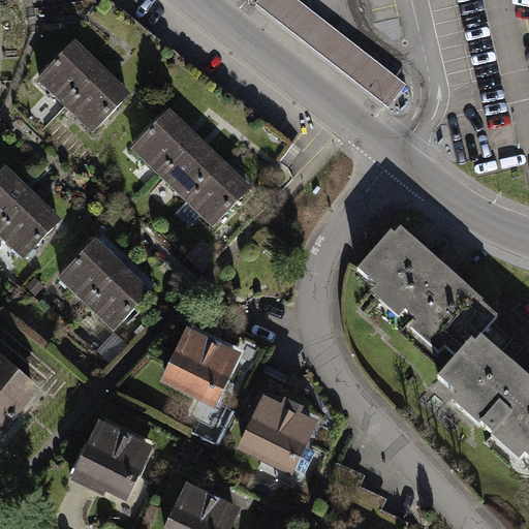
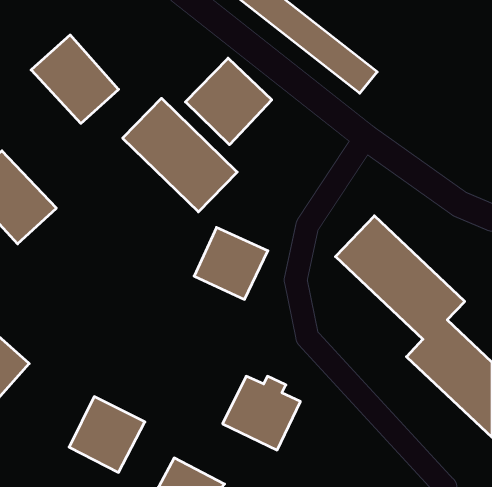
building: none -> [185,58,272,145]
building: [58,236,150,326] -> none
building: [162,328,241,404] -> [194,227,268,299]

